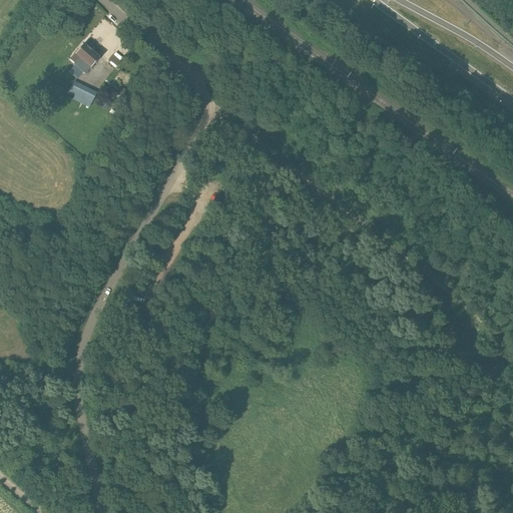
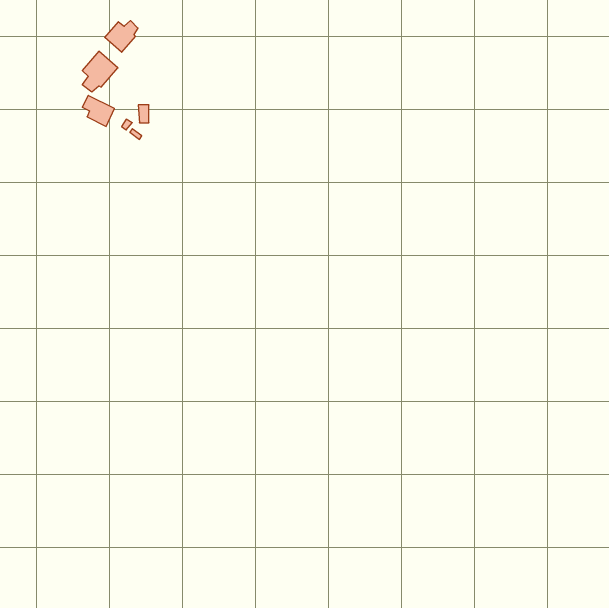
building: none -> [105,21,138,52]

